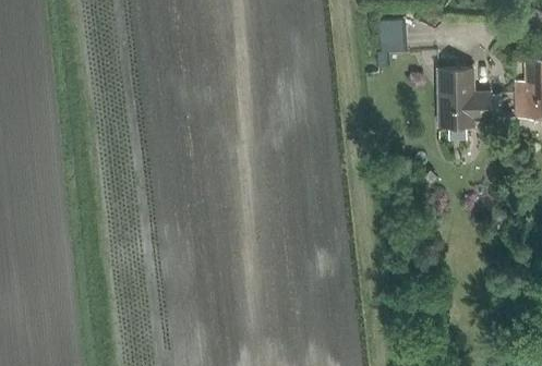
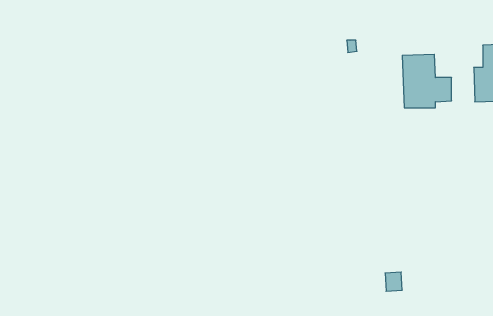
building: [381,17,406,49] -> none

